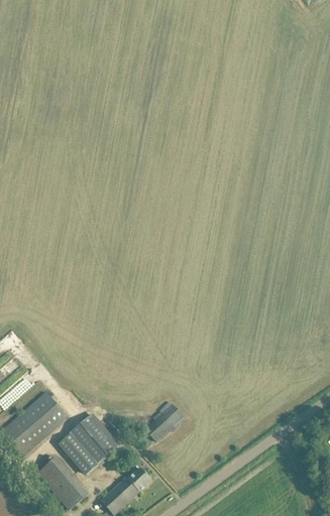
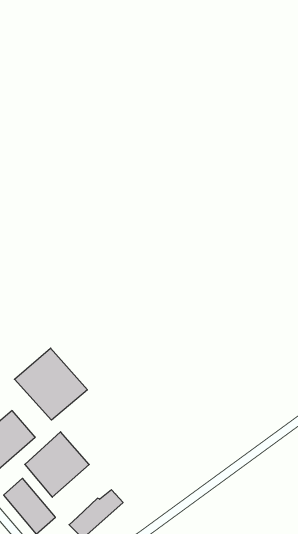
building: none -> [14,348,87,420]
building: [143,402,184,442] -> none

